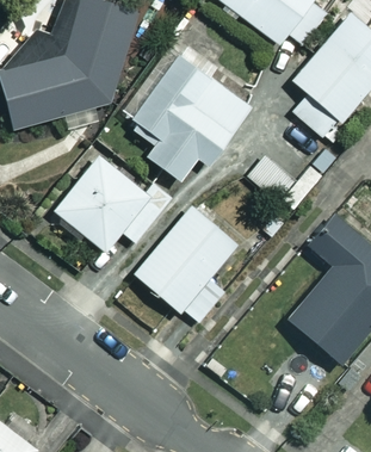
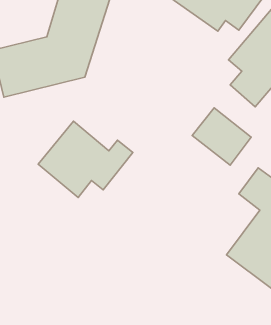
building: [126,37,252,180] -> none
building: [134,205,239,322] -> none

